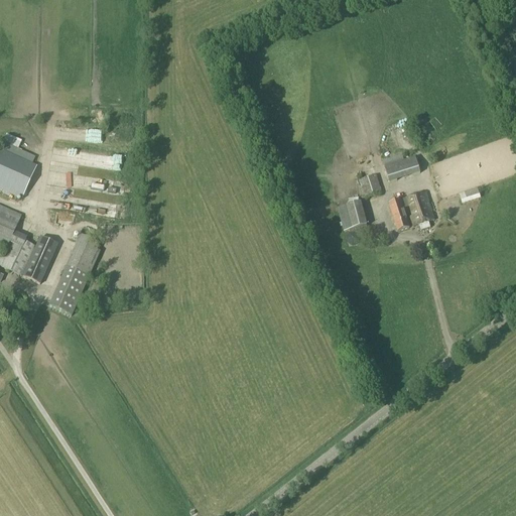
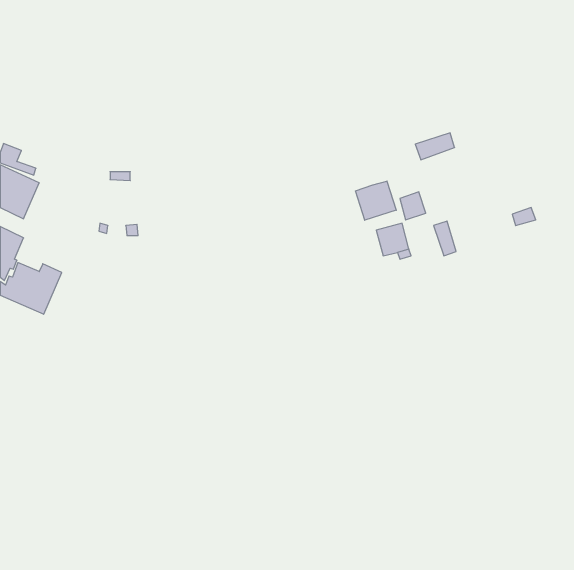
building: [386,155,421,179] -> [415,133,455,160]
building: none -> [355,181,396,220]
building: [404,189,435,226] -> none
building: [48,234,99,314] -> none

